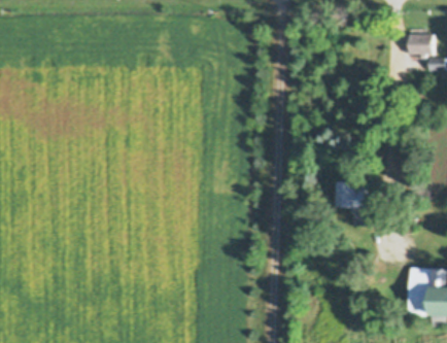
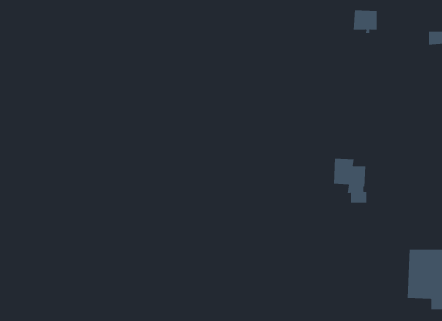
building: [408,33,432,56] -> [353,10,378,33]

